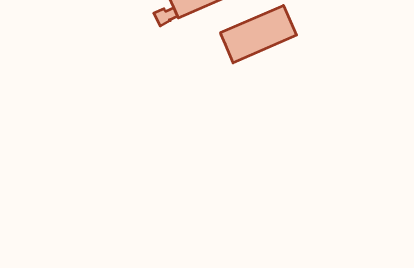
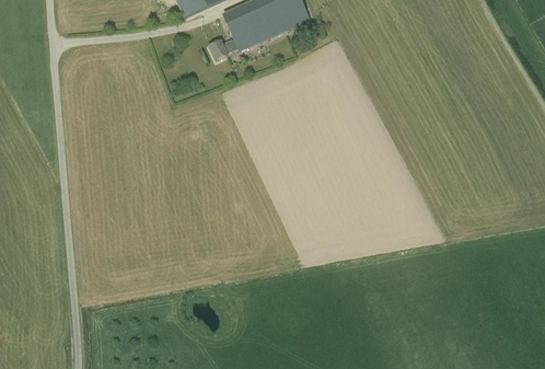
building: [221,5,297,63] -> none

